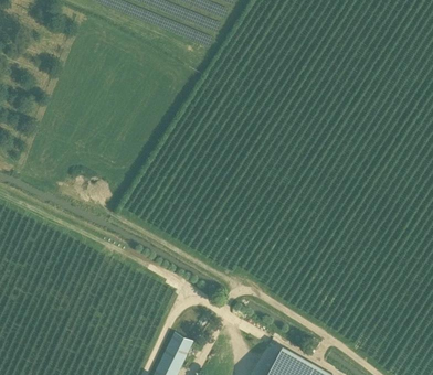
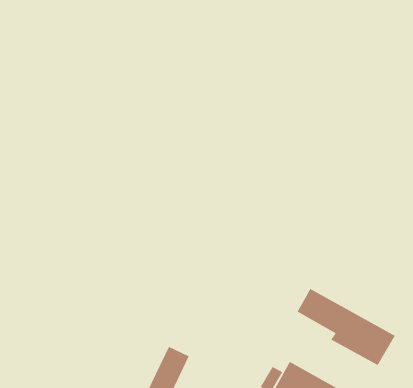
building: none -> [297,288,395,366]

